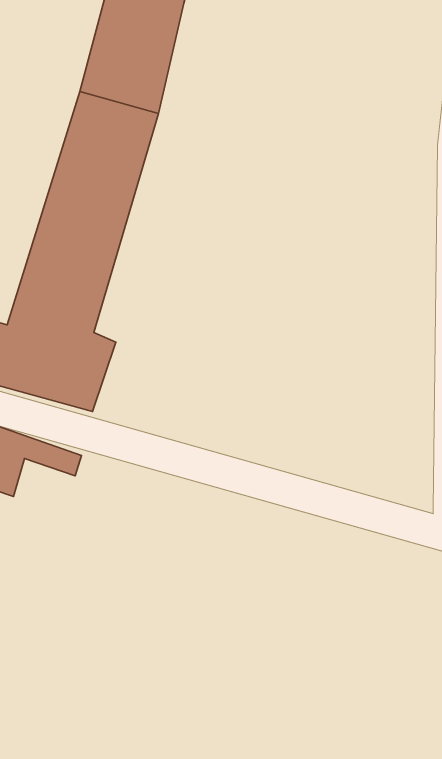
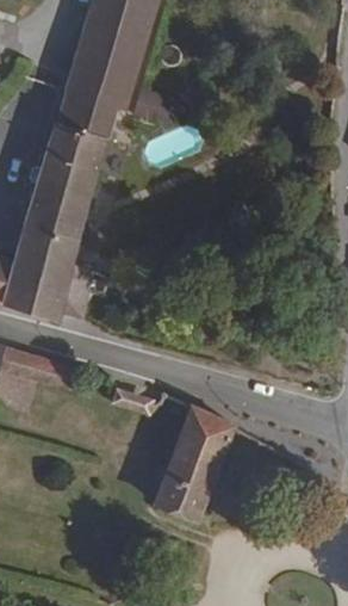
building: none -> [149,407,224,518]

